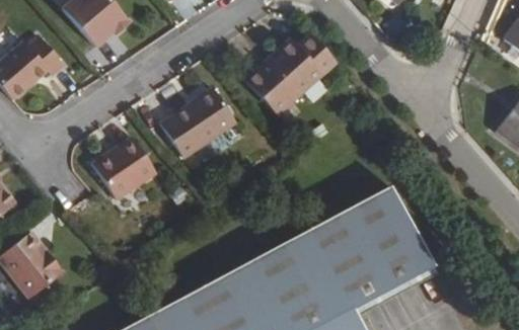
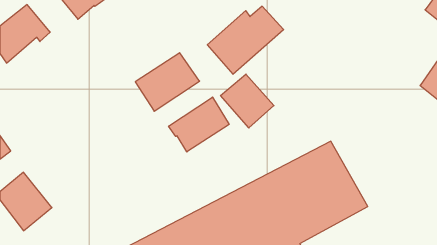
building: none -> [221,74,274,128]
building: [93,135,157,196] -> none
building: none -> [169,97,229,152]

